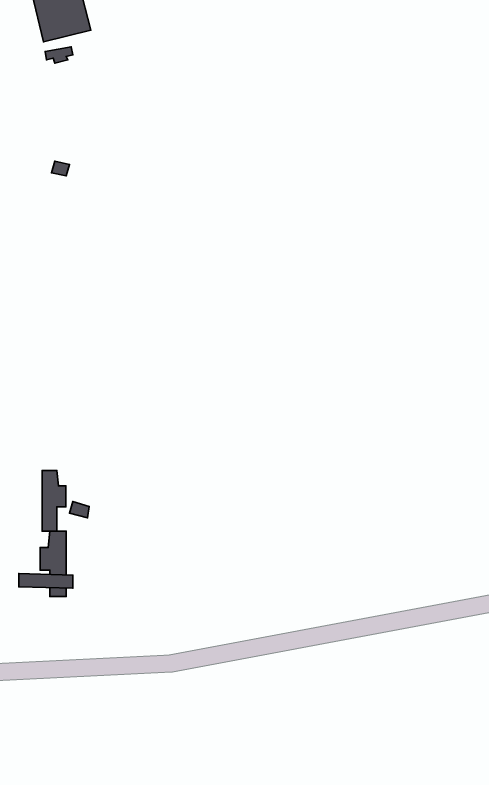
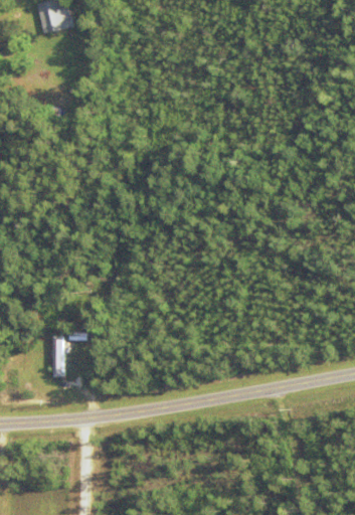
building: [42,471,66,531] -> none

